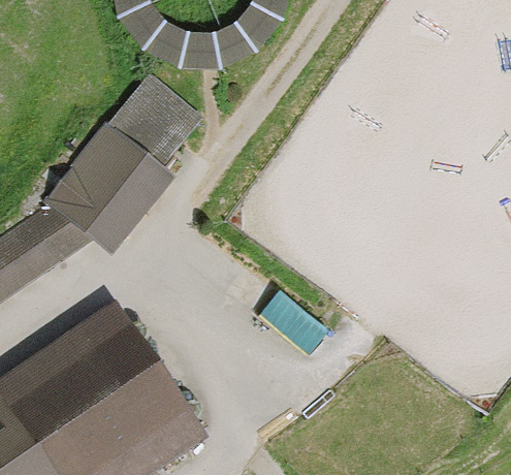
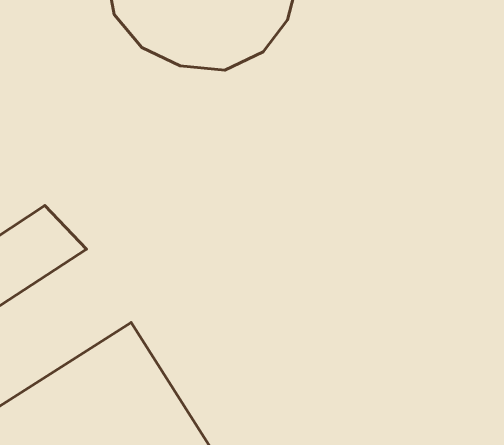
building: [40,68,202,257] -> none

